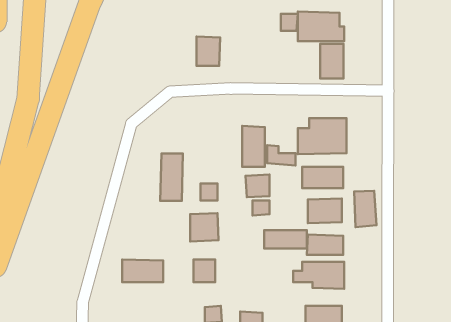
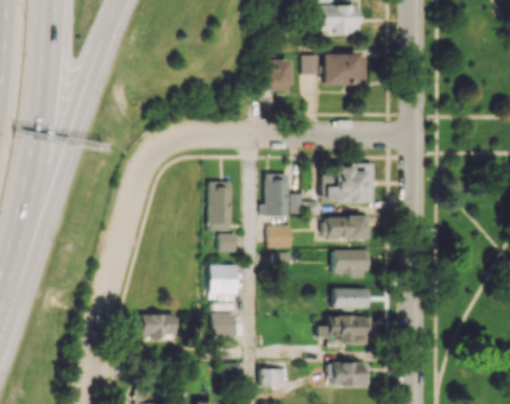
building: [196,36,220,66] -> [265,59,290,90]
building: [320,44,343,78] -> none
building: [160,153,183,201] -> [207,182,231,232]
building: [354,191,377,227] -> none
building: [264,230,307,249] -> none

